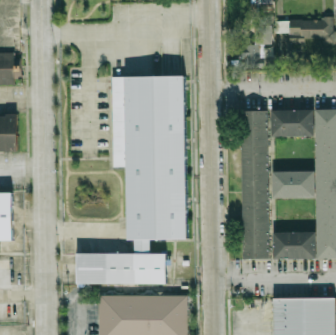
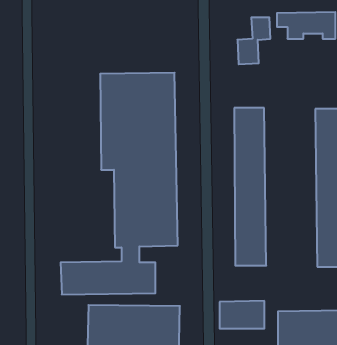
building: [269,109,312,136] -> none
building: [270,171,312,198] -> none
building: [271,232,313,258] -> [220,301,264,329]

